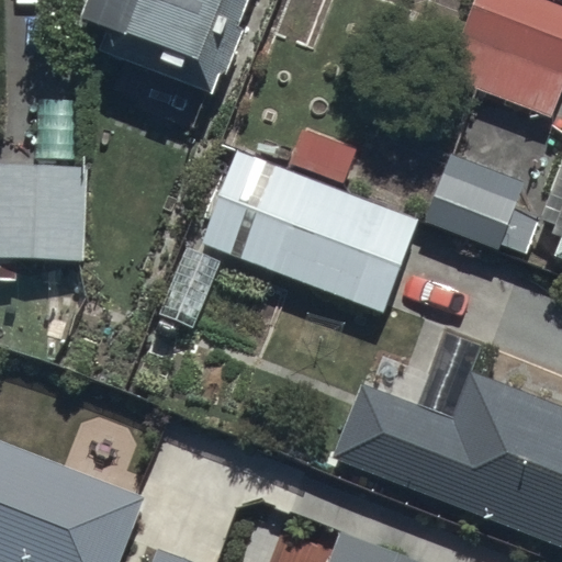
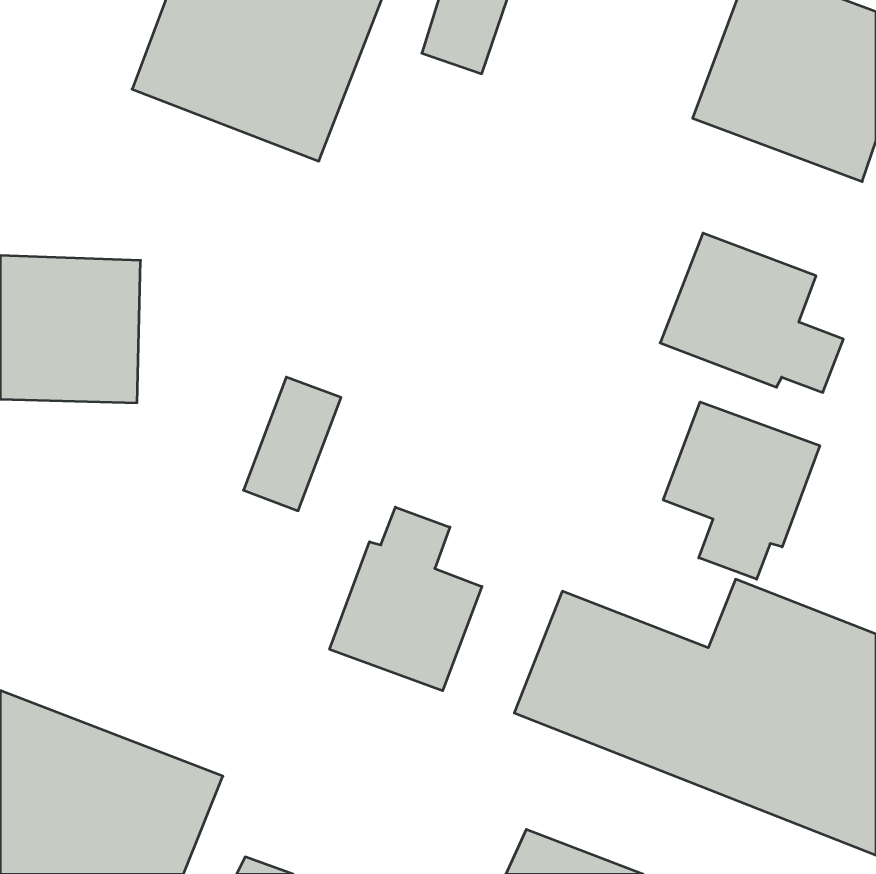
building: [200,154,418,312] -> none
building: none -> [663,402,820,579]
building: none -> [330,507,482,691]

